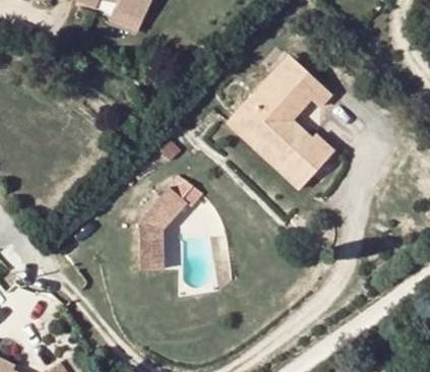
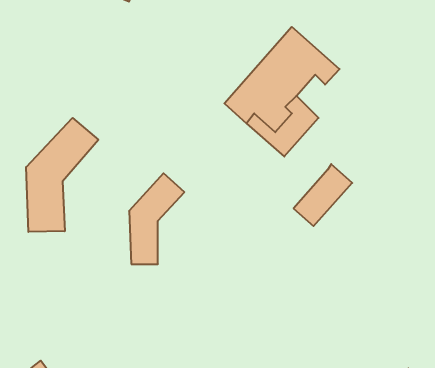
building: [281,132,334,189] -> [294,164,352,226]
building: none -> [26,118,98,232]

